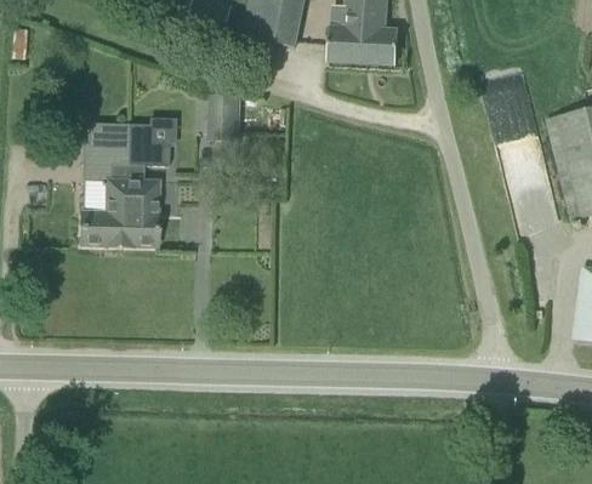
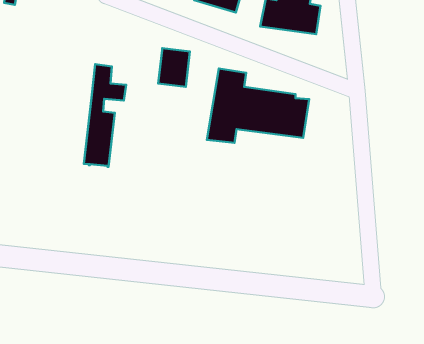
building: none -> [207,69,309,143]
building: [81,123,130,246] -> none

